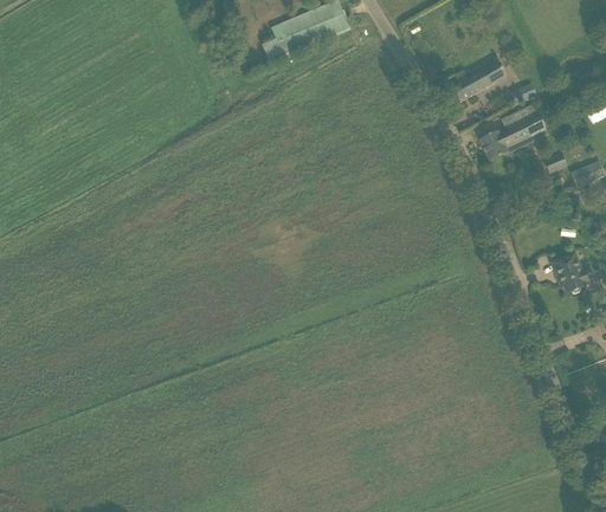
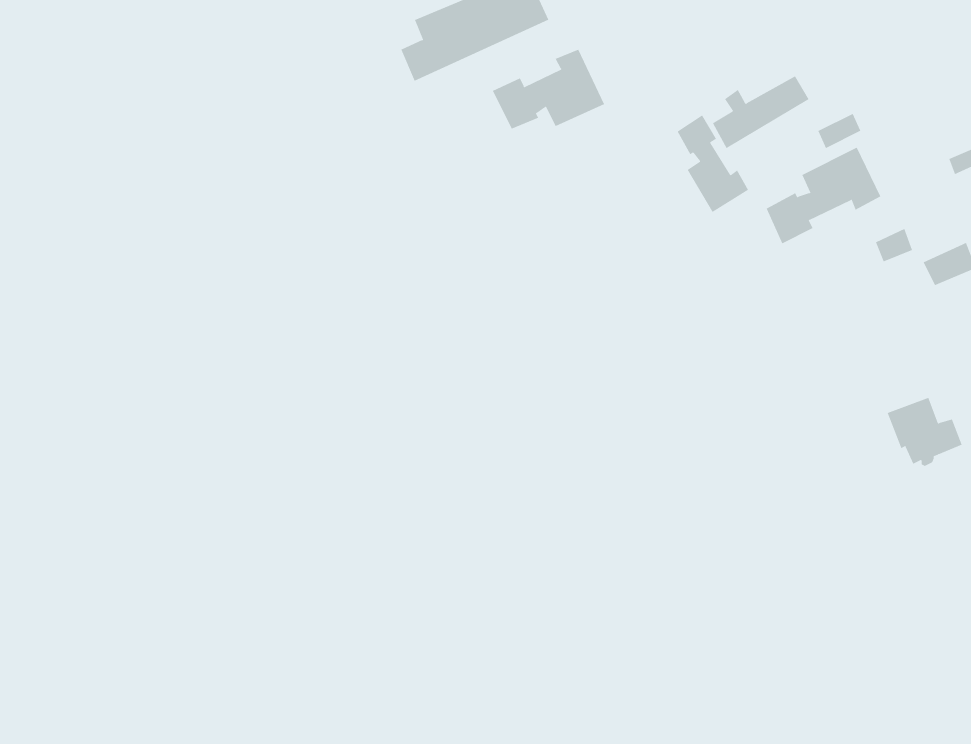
building: none -> [492,49,605,130]
building: none -> [677,115,749,213]

